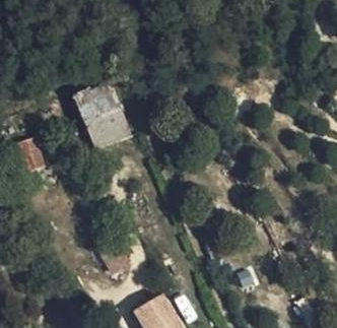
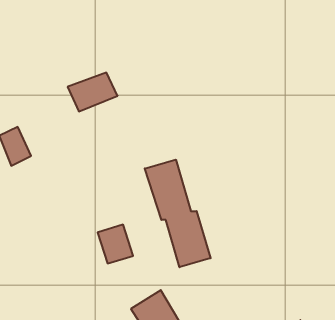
building: [72,82,130,149] -> none
building: none -> [145,160,211,267]

